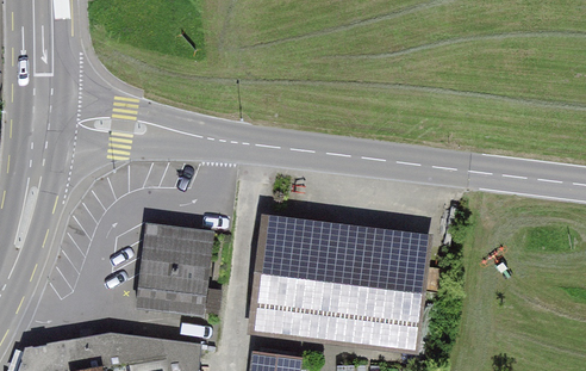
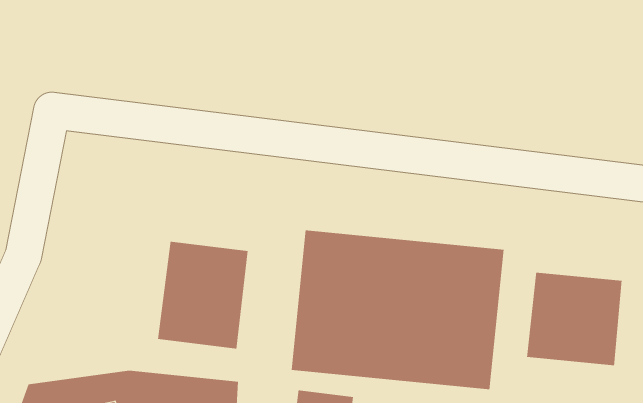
building: none -> [527,272,622,366]

